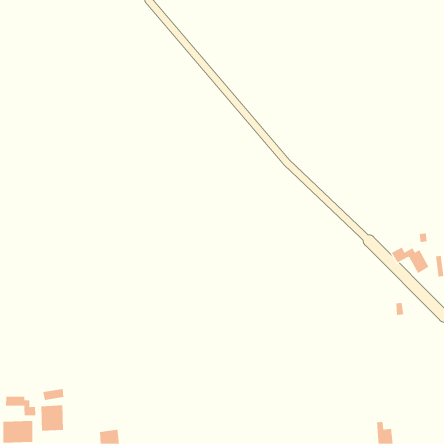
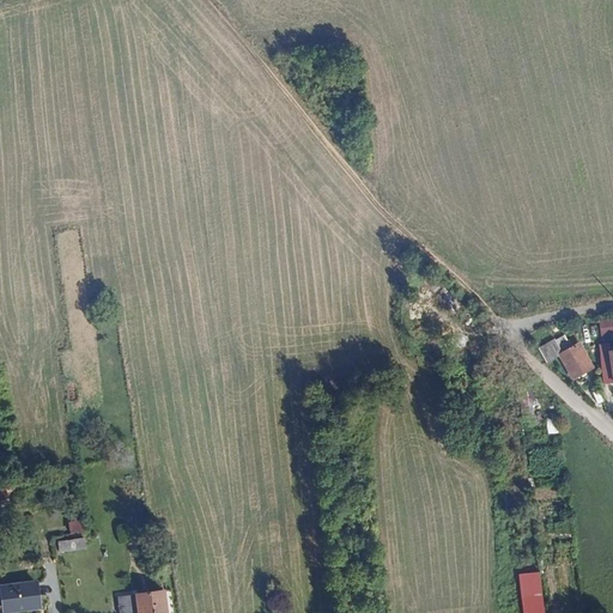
building: [6,396,36,416] -> none
building: [41,405,64,432] -> none

